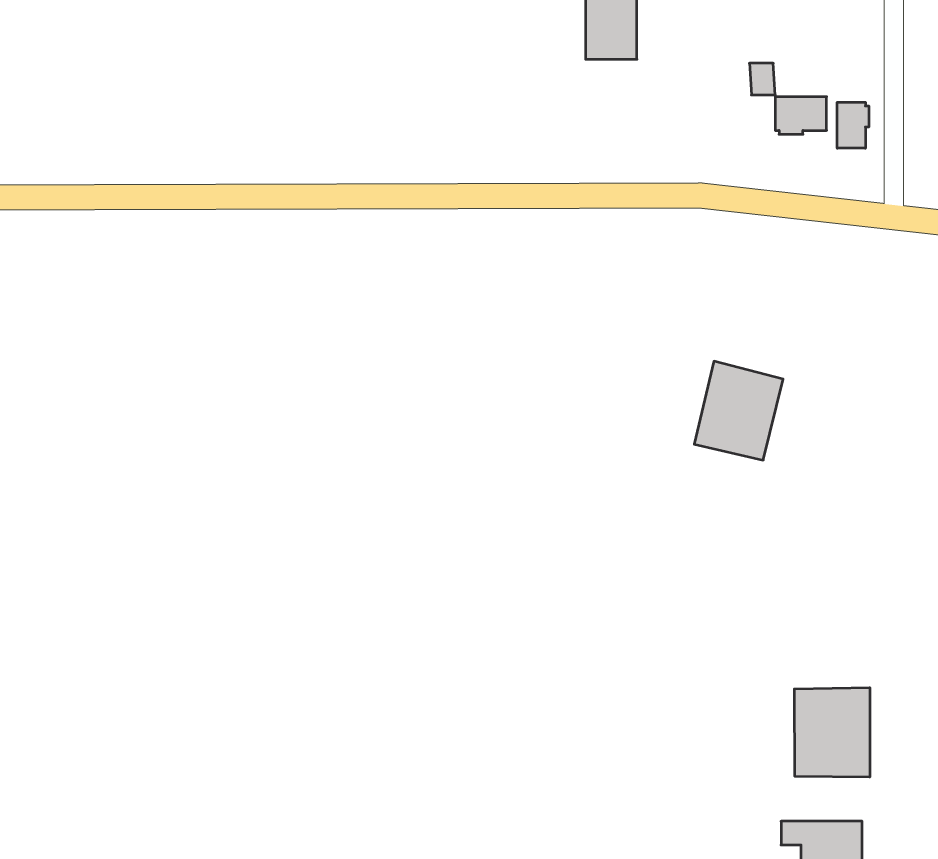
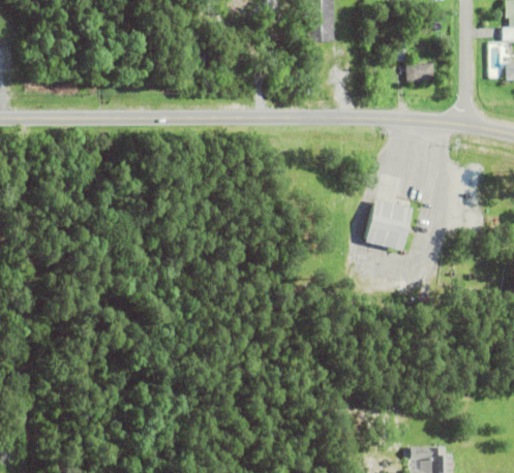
building: [837,102,869,148] -> none
building: [794,688,870,777] -> none

